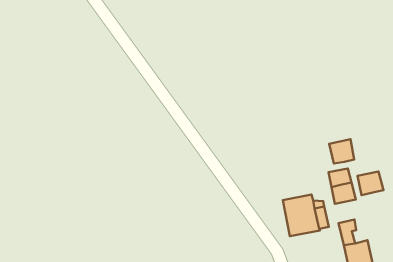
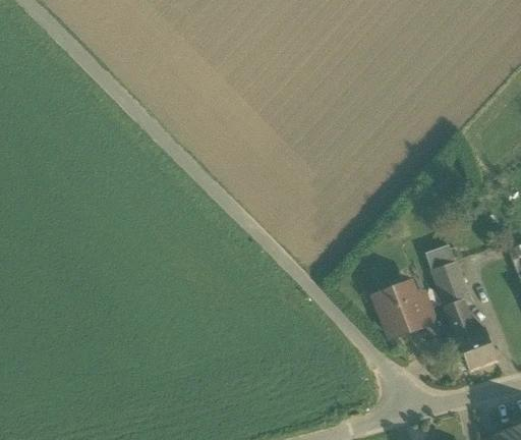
building: [329,139,354,164] -> none
building: [358,171,383,195] -> [440,281,473,313]

